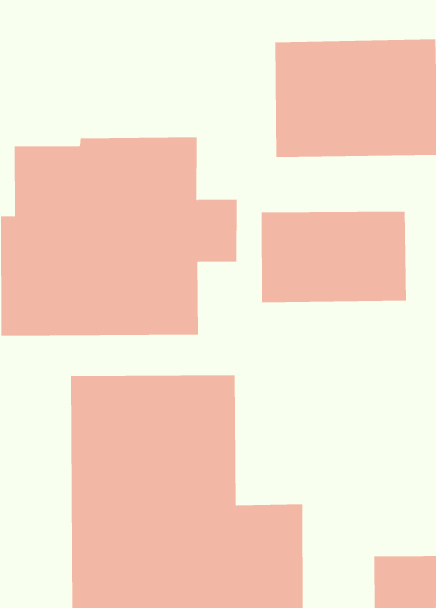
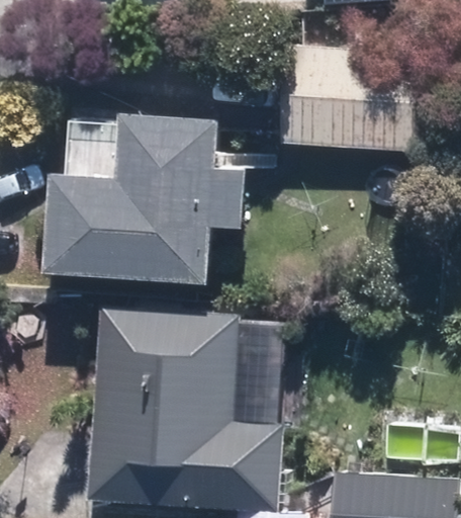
building: [261,211,407,303] -> none

